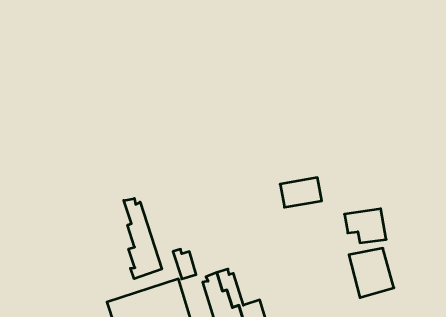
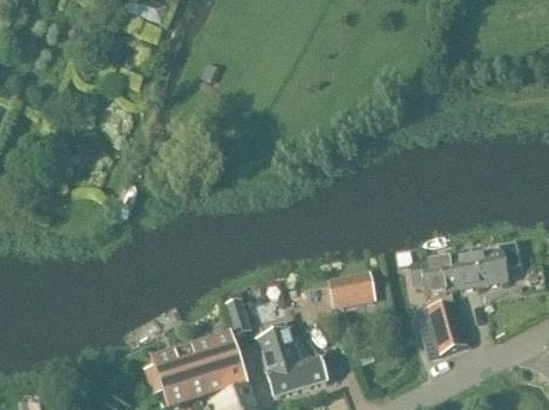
building: [280,178,322,207] -> [328,271,374,303]
building: [124,198,162,279] -> none
building: none -> [452,245,509,289]

